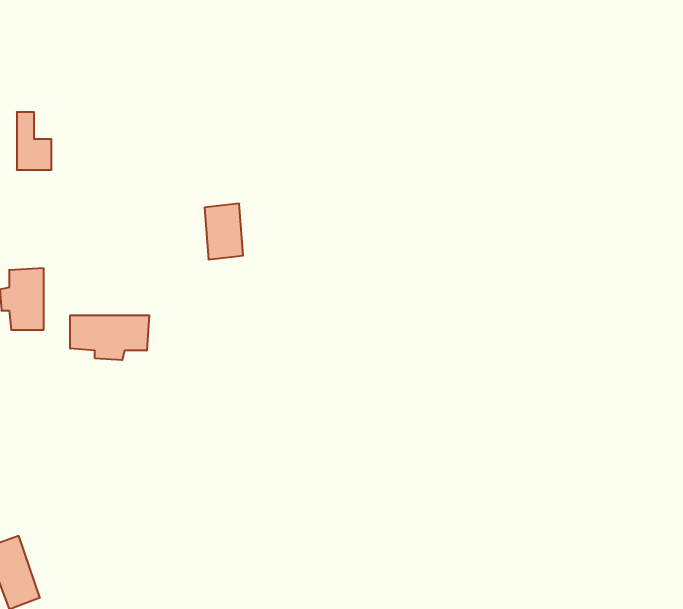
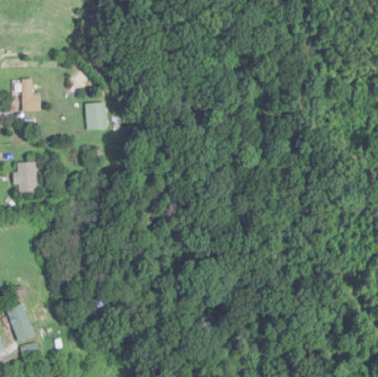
building: [205,204,243,259] -> [85,102,106,131]
building: [70,315,149,360] -> none

